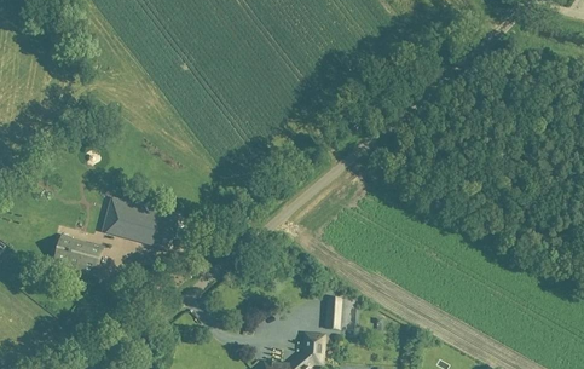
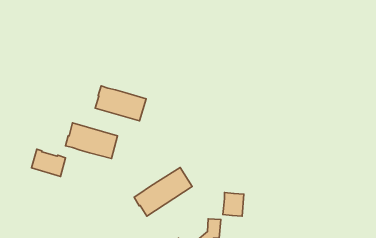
building: none -> [95,86,146,121]
building: none -> [134,167,192,216]

